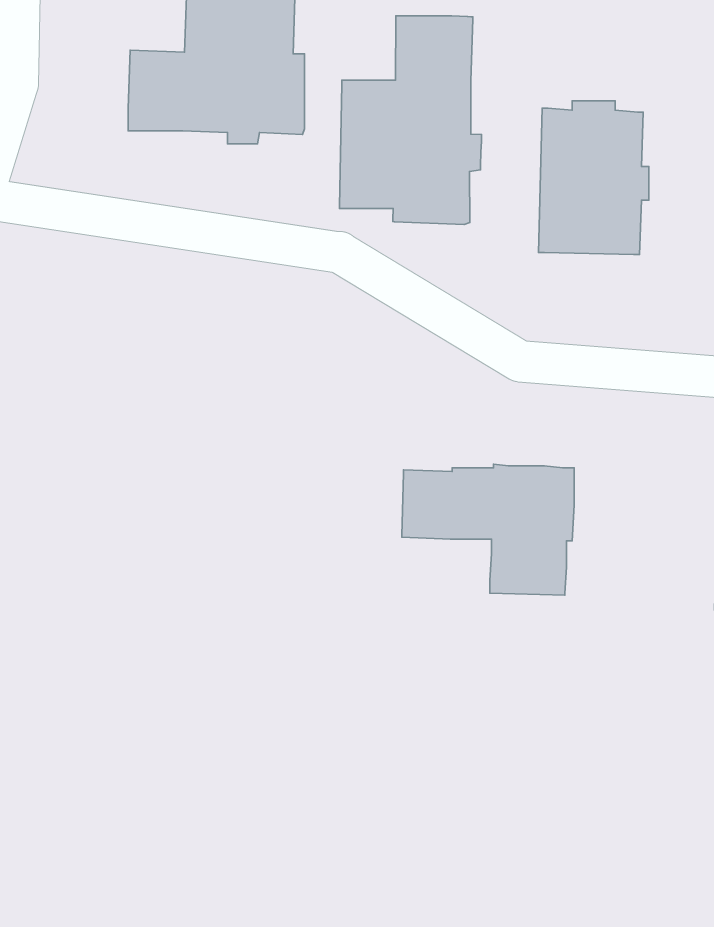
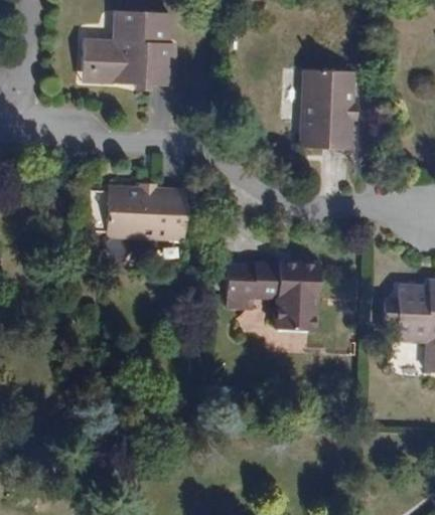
building: [340,16,482,224] -> none
building: none -> [104,182,186,241]

